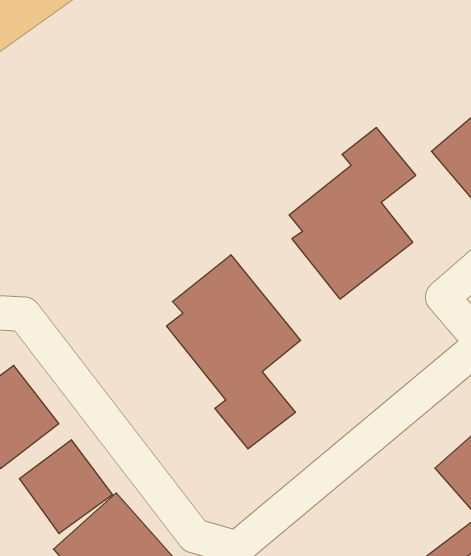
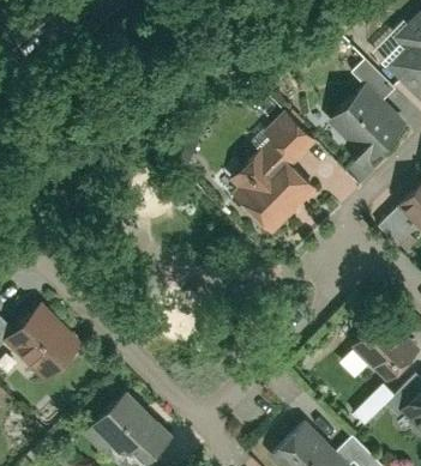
building: [167,255,301,449] -> none
building: [19,440,113,534] -> none

